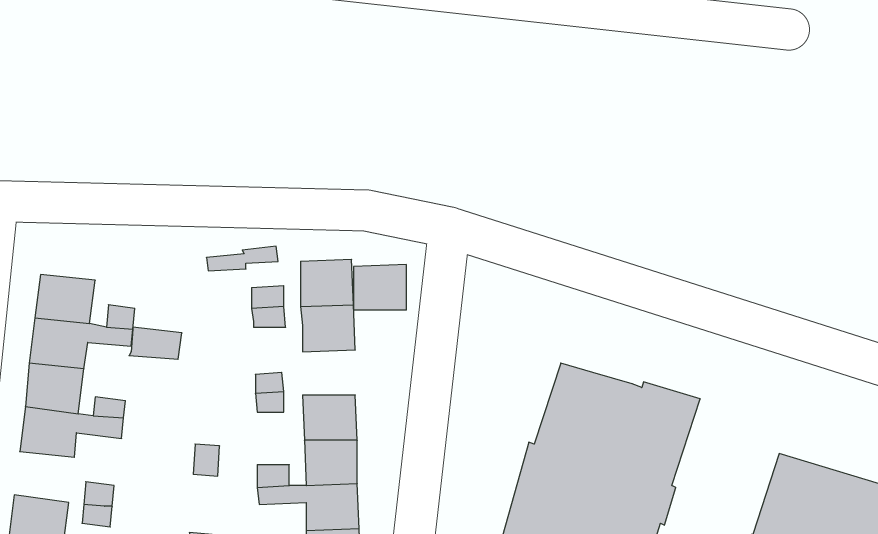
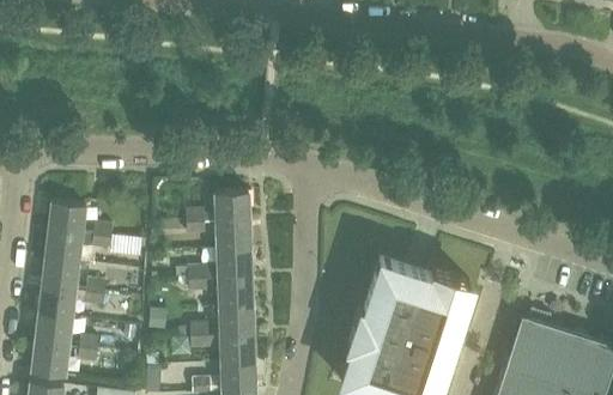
building: [354,265,406,310] -> [218,249,251,278]
building: none -> [35,314,73,346]

